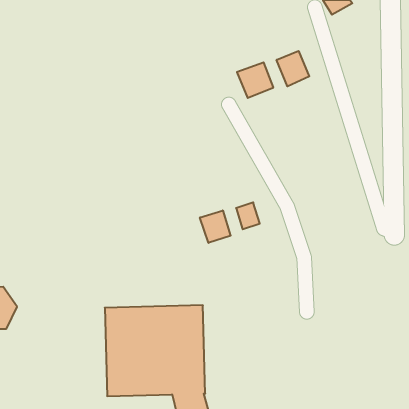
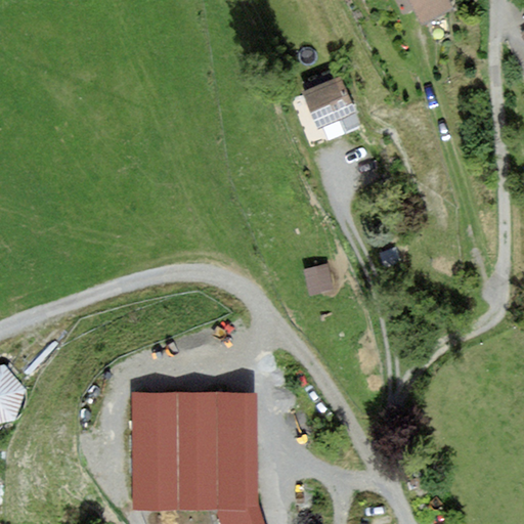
building: [277,51,309,86] -> none
building: [200,210,231,243] -> none

